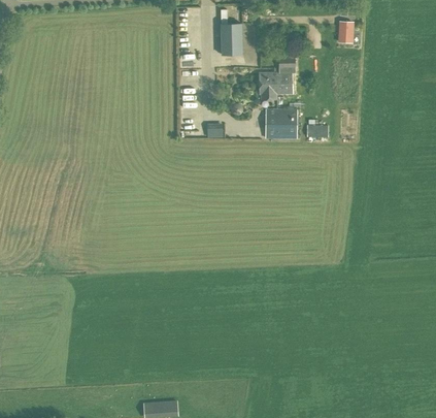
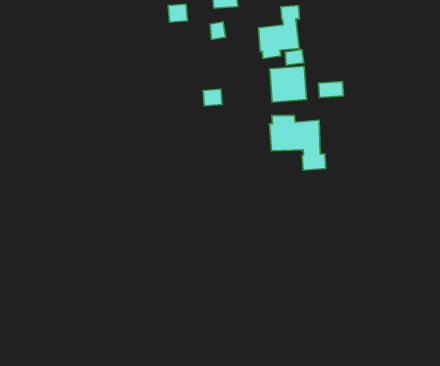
building: none -> [269,115,326,170]

